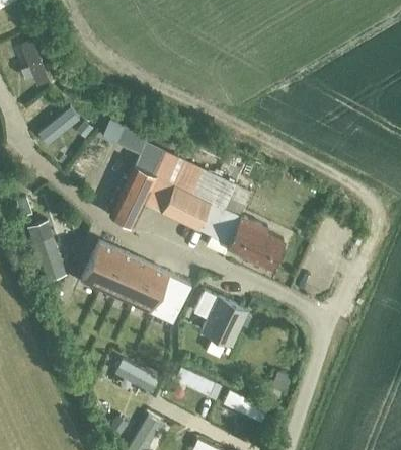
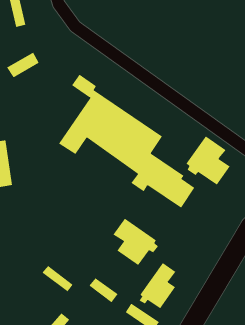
building: none -> [186,135,231,186]
building: [81,239,191,323] -> none
building: none -> [139,262,176,309]

